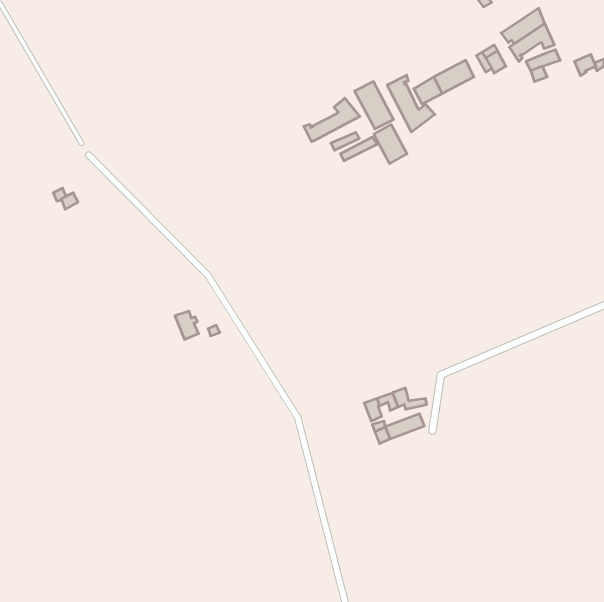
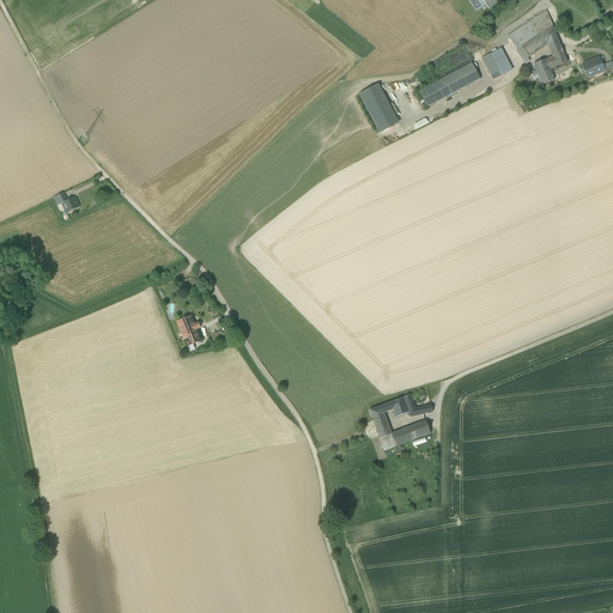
building: [387,75,435,132] -> none
building: [304,98,360,142] -> none
building: [374,125,407,164] -> none

